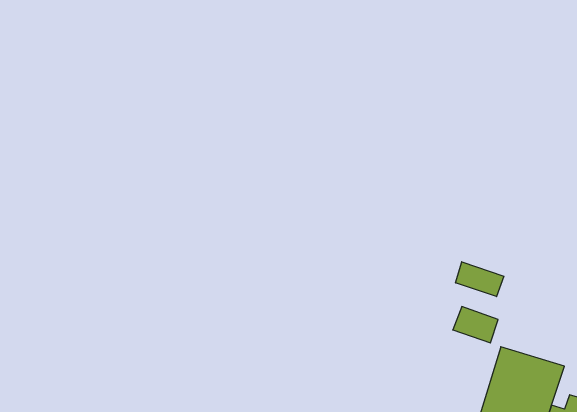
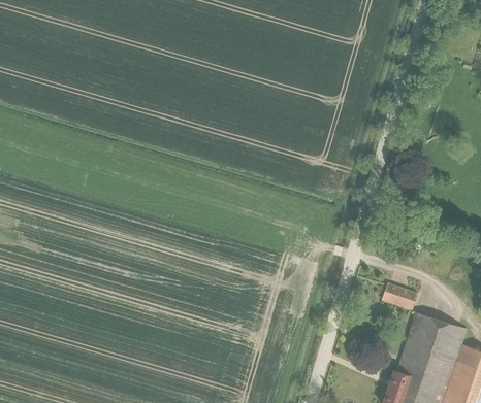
building: [456,262,504,297] -> none

